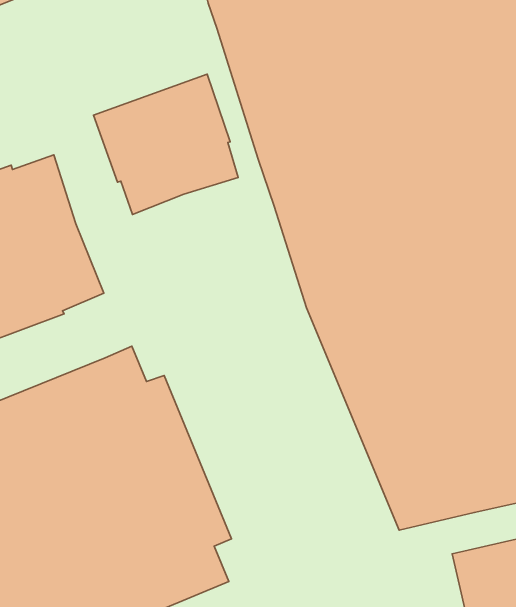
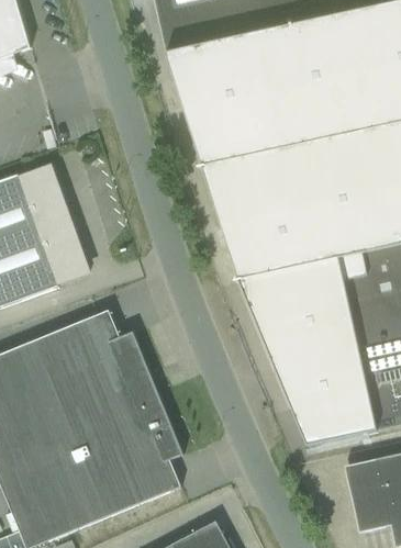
building: [93,74,238,215] -> none

